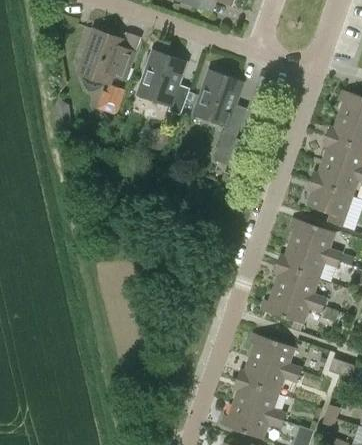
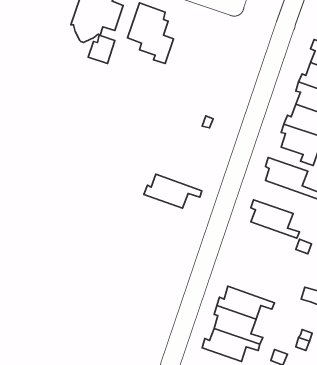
building: [196,69,246,167] -> none
building: [276,242,339,278] -> none
building: [260,287,323,324] -> [144,174,202,208]
building: [248,332,301,375] -> none

